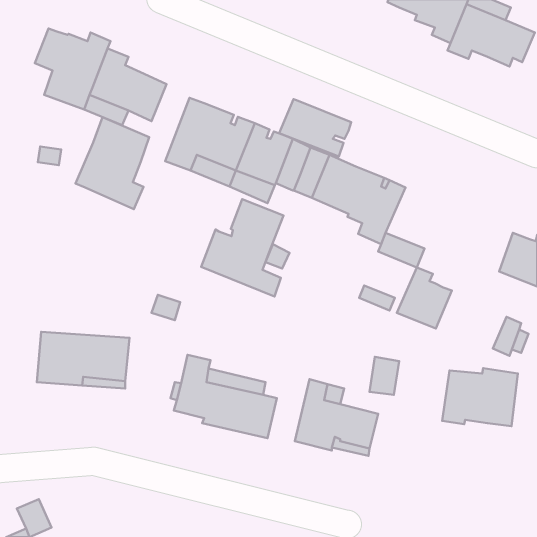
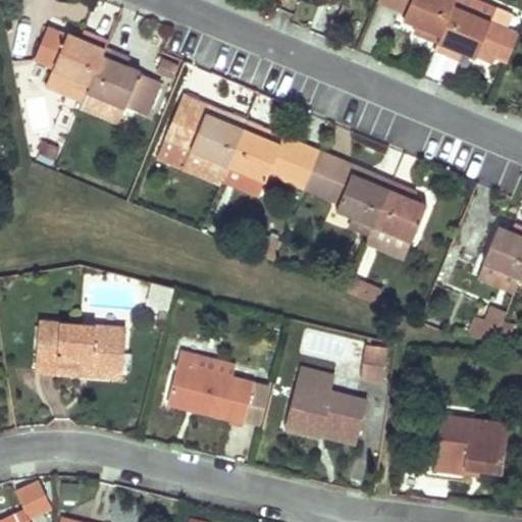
building: [279,99,351,156] -> none
building: [76,117,149,209] -> none
building: [201,199,283,296] -> none
building: [397,267,452,329] -> [373,181,426,241]
building: [442,368,518,426] -> [434,417,508,473]

